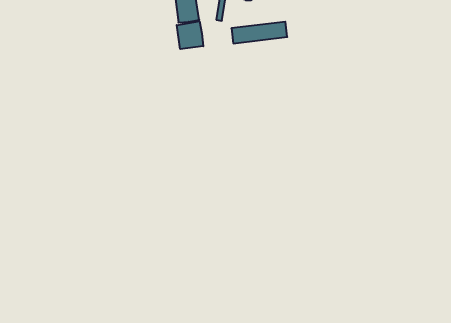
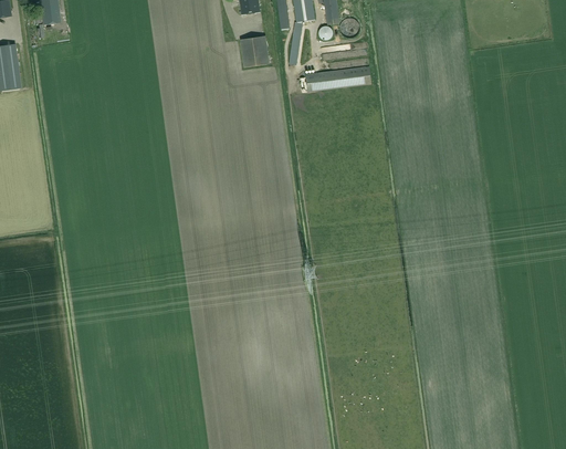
building: [177,21,203,49] -> none

